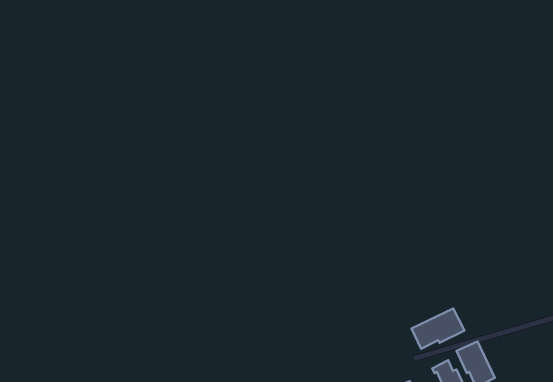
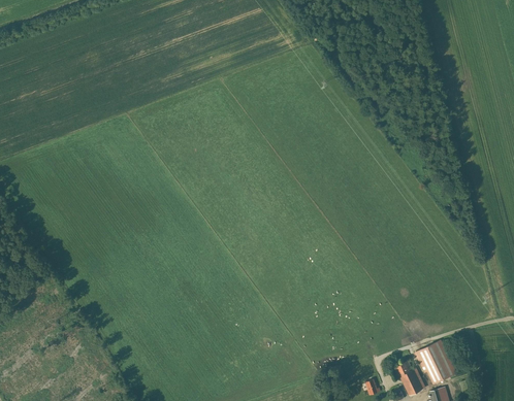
building: [412,308,465,349] -> none

